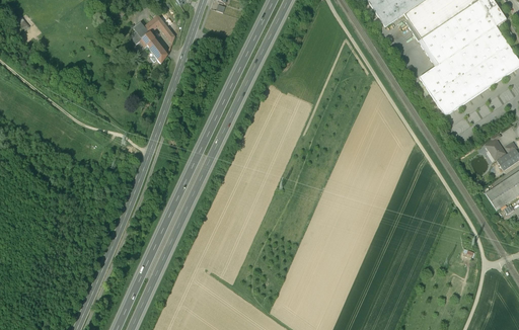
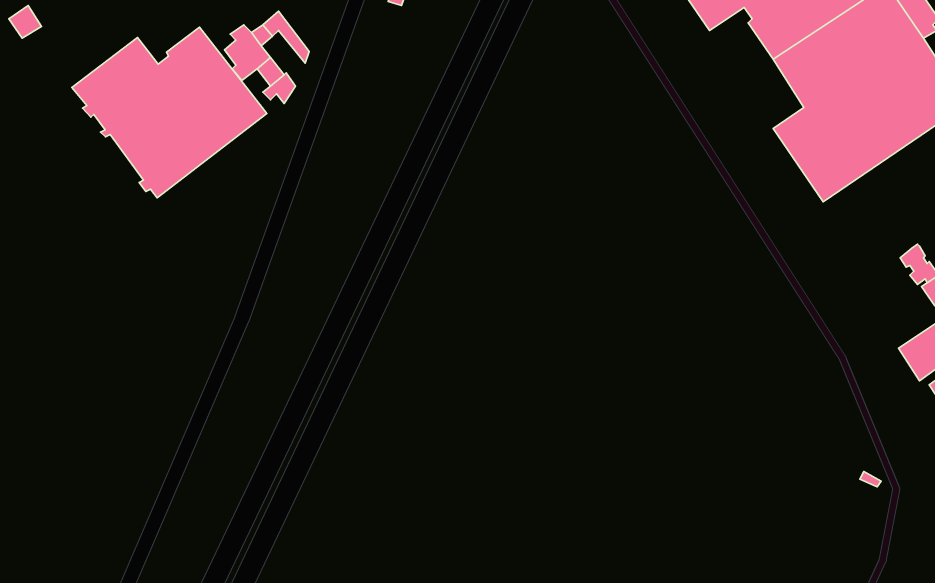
building: none -> [72,27,267,198]

